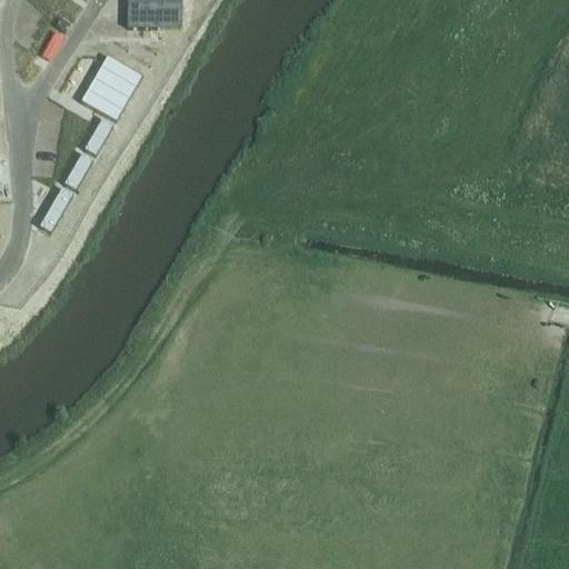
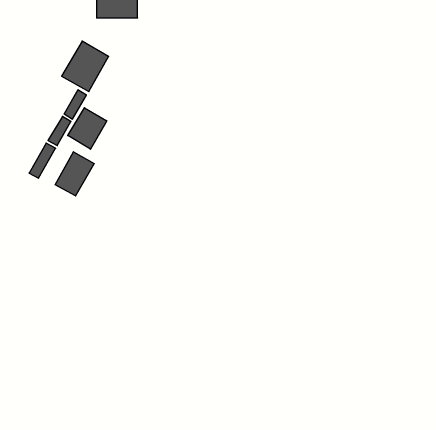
building: none -> [68,108,107,149]
building: none -> [55,152,94,196]

